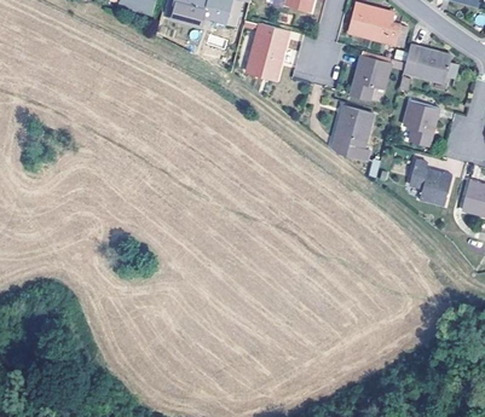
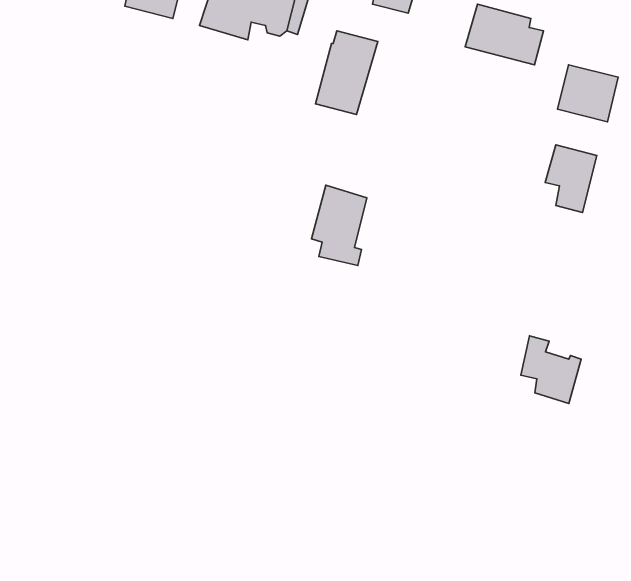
building: [351,56,391,98] -> none
building: [335,105,373,160] -> [312,185,367,265]
building: [409,158,450,204] -> [521,336,581,404]

